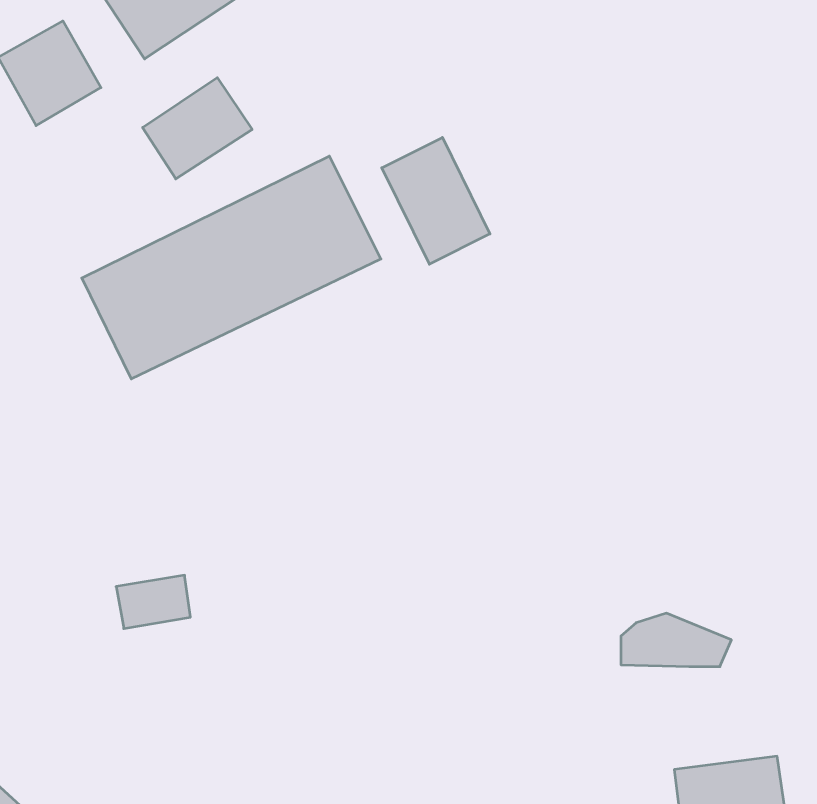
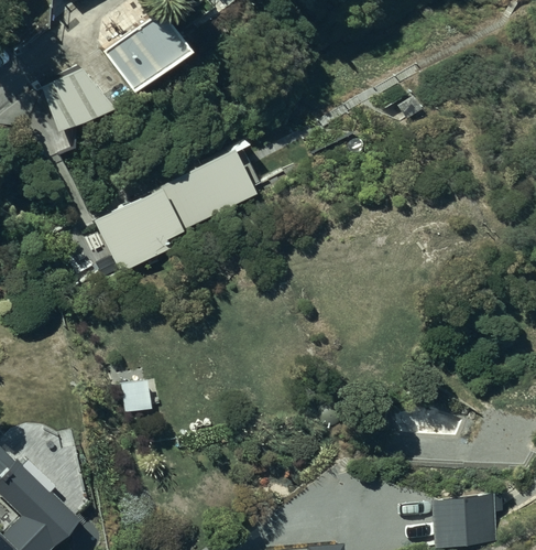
building: [143,78,252,179] -> none
building: [382,137,490,264] -> none

